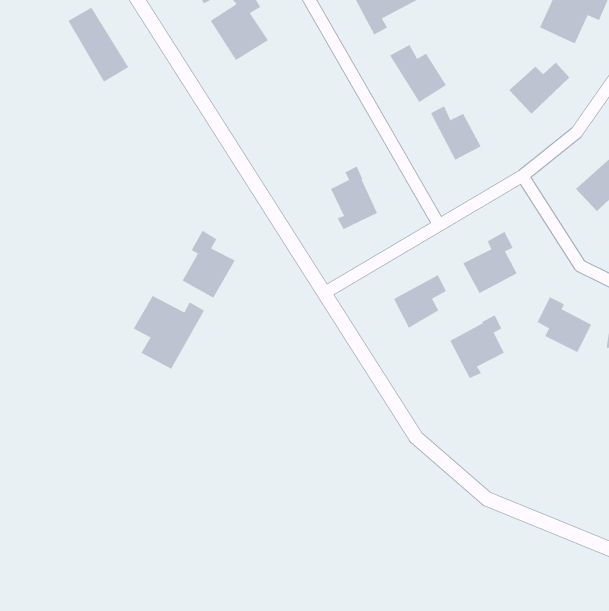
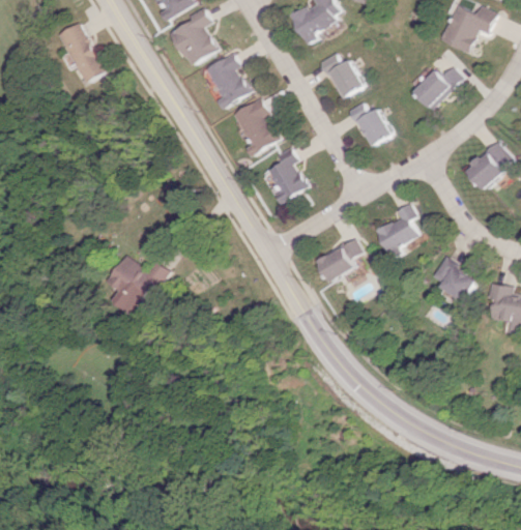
building: none -> [204,52,249,109]
building: none -> [232,97,279,156]
building: [182,230,235,298] -> none
building: [449,314,505,379] -> none

